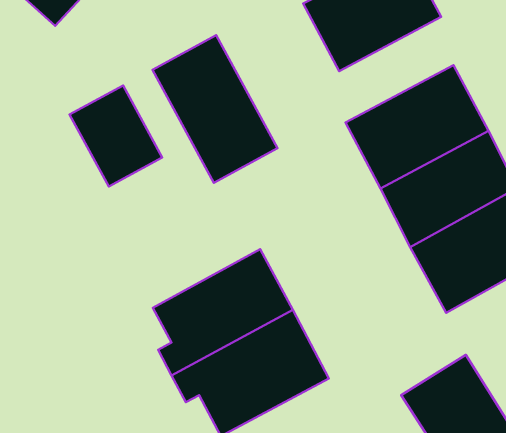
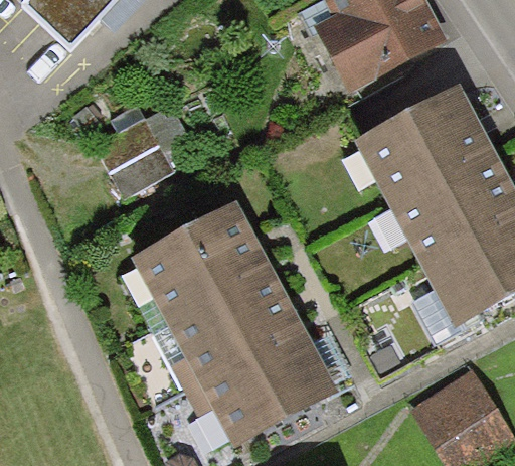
building: [153,35,277,183] -> none
building: none -> [131,200,271,322]

